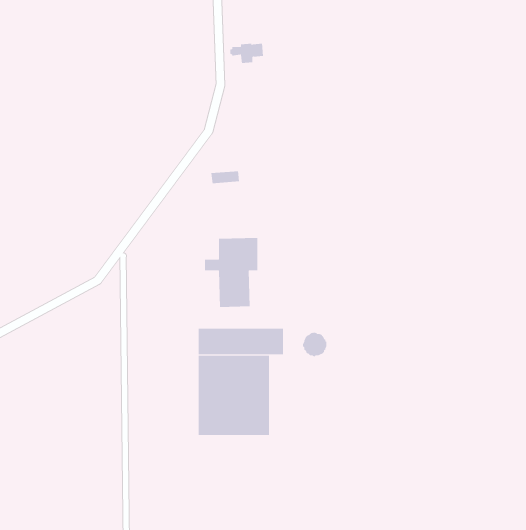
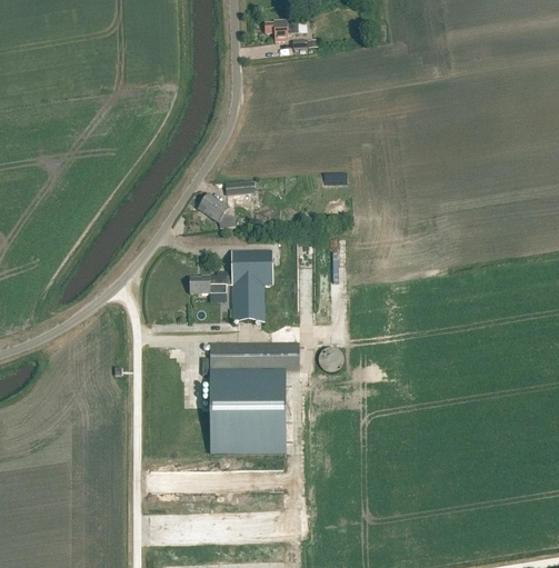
building: [229,43,264,64] -> [262,20,298,41]
building: none -> [199,196,234,229]
building: none -> [190,276,227,295]

